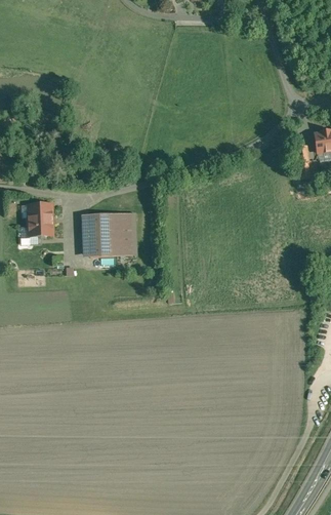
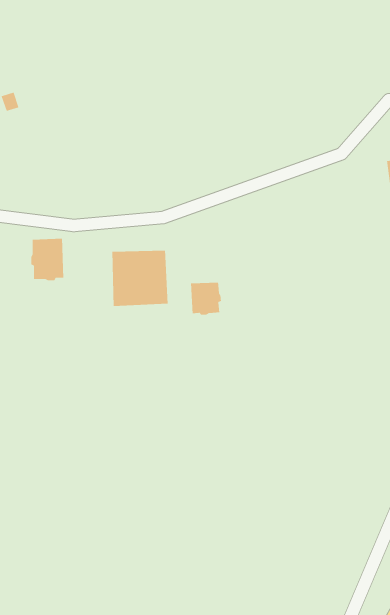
building: none -> [190,282,222,316]

